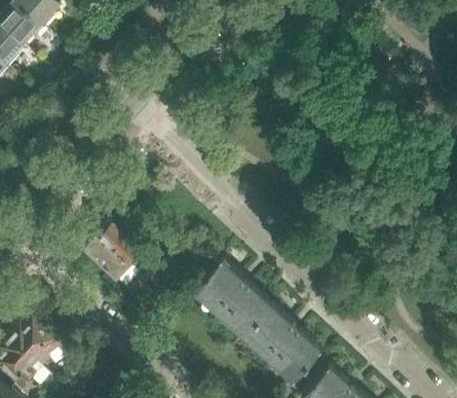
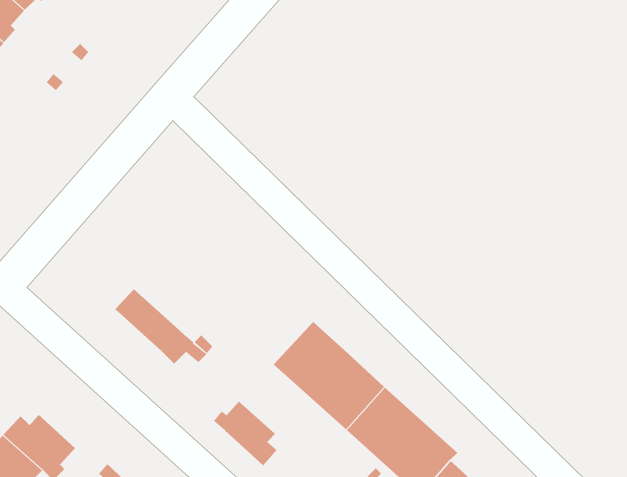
building: [98,223,143,267] -> none
building: none -> [213,401,278,466]

